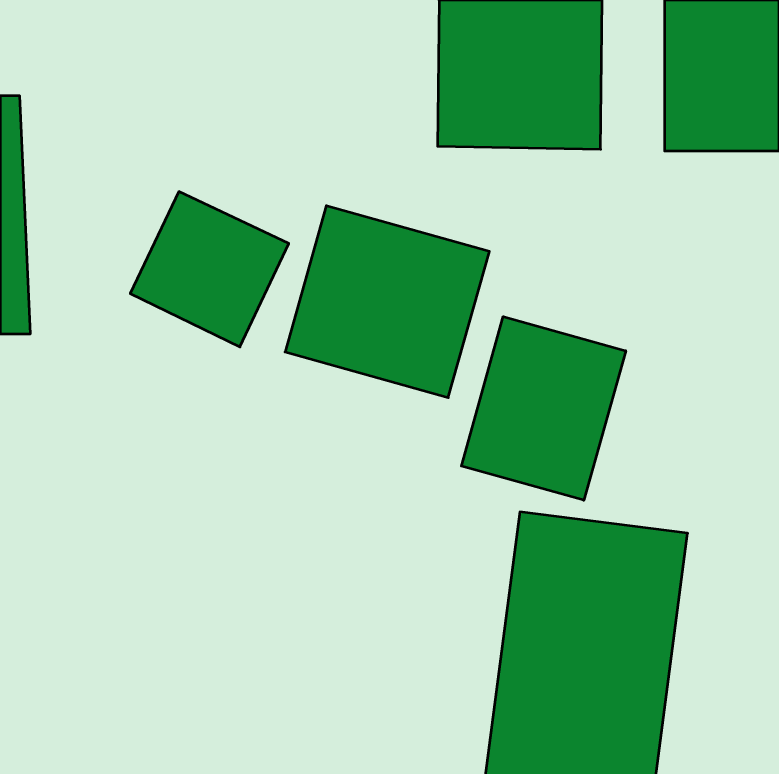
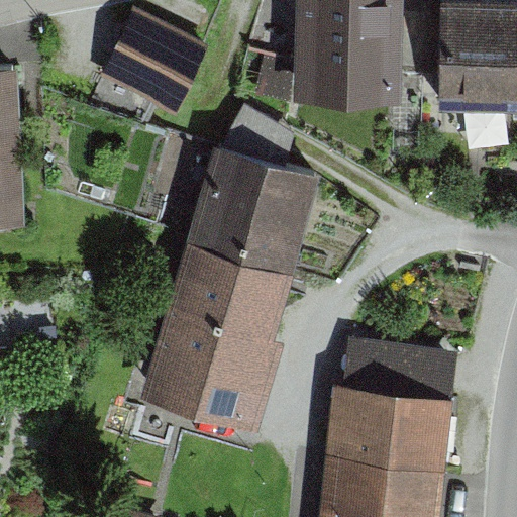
building: [130,192,289,347] -> [99,11,204,114]
building: [461,317,626,500] -> none
building: none -> [143,236,297,427]

